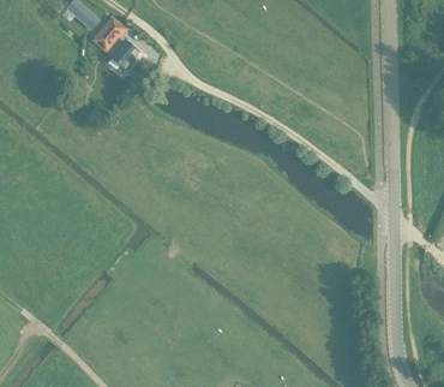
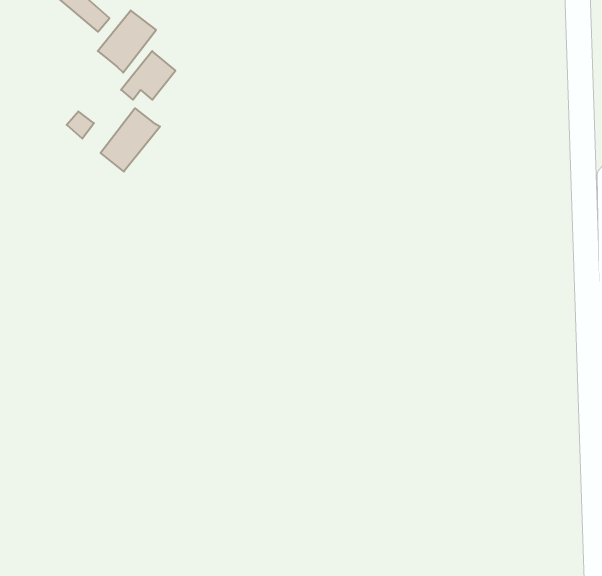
building: none -> [101,108,160,172]

